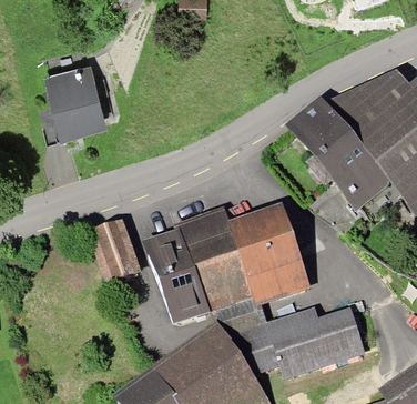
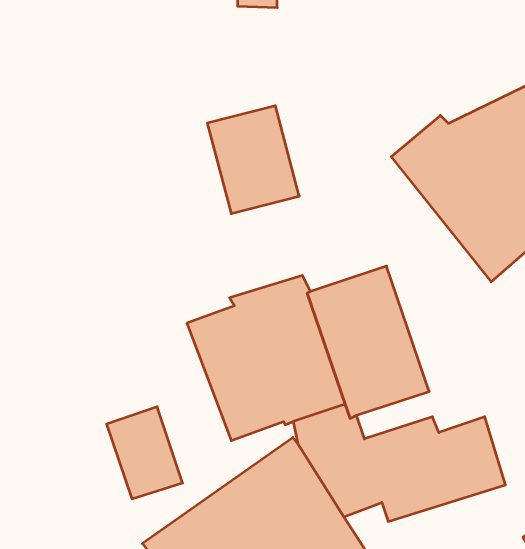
building: [43,67,108,142] -> [207,106,299,214]
building: [88,216,141,281] -> [107,407,183,499]

